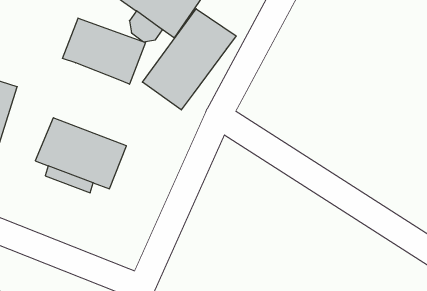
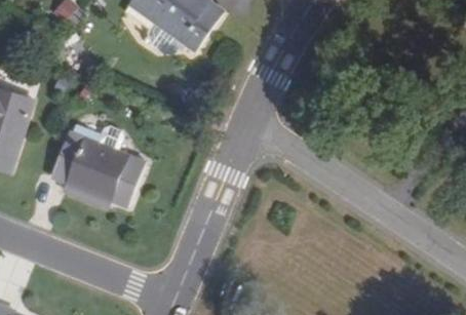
building: [142,9,236,110] -> none
building: [62,18,145,84] -> none

